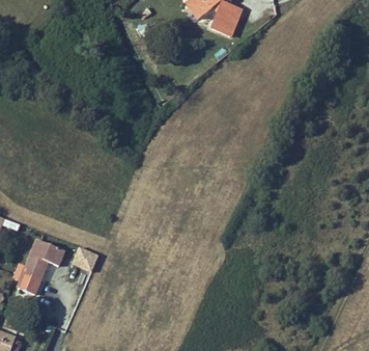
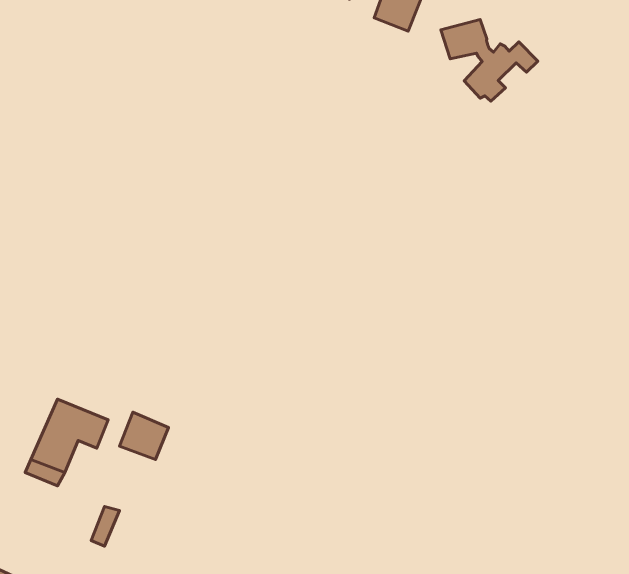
building: none -> [441,20,538,101]

